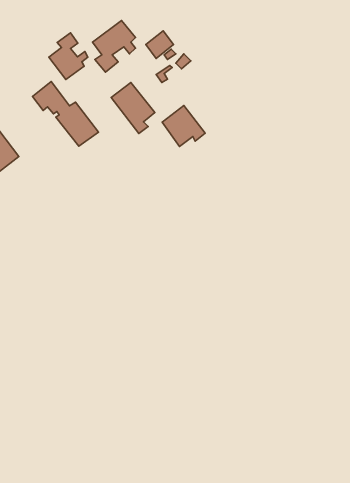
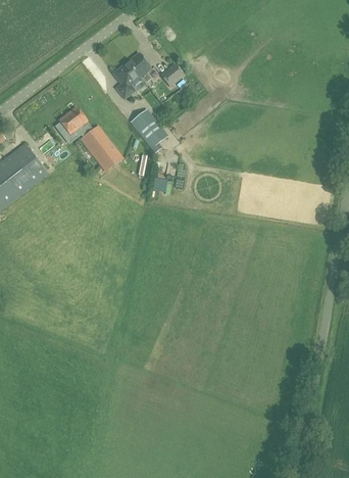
building: [49,33,88,80] -> none
building: [162,105,205,146] -> none

